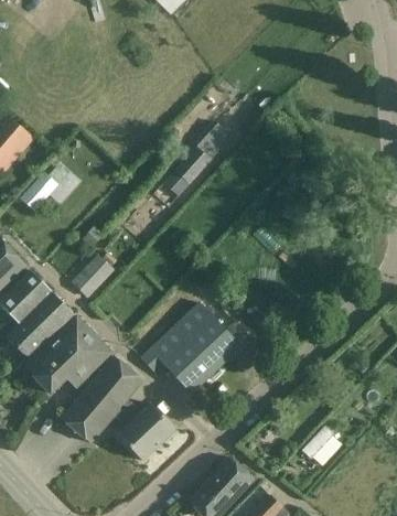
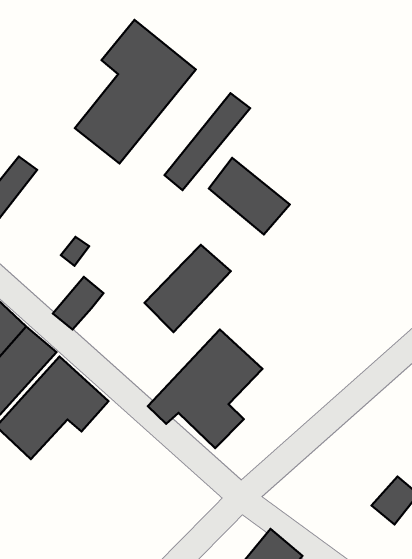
building: none -> [75,20,196,163]
building: none -> [209,158,290,234]
building: none -> [145,245,231,332]
building: [62,356,175,461] -> none

